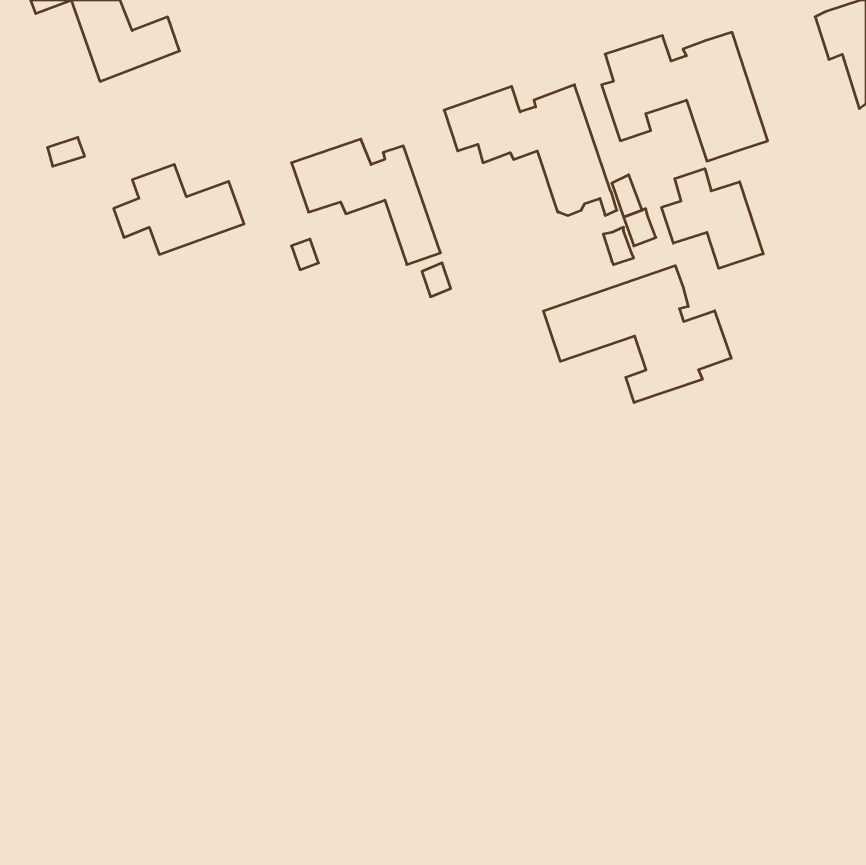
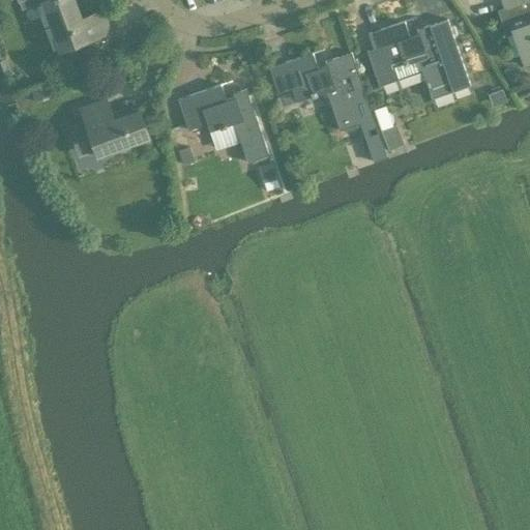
building: [662,169,763,268] -> none
building: [543,266,731,403] -> none

